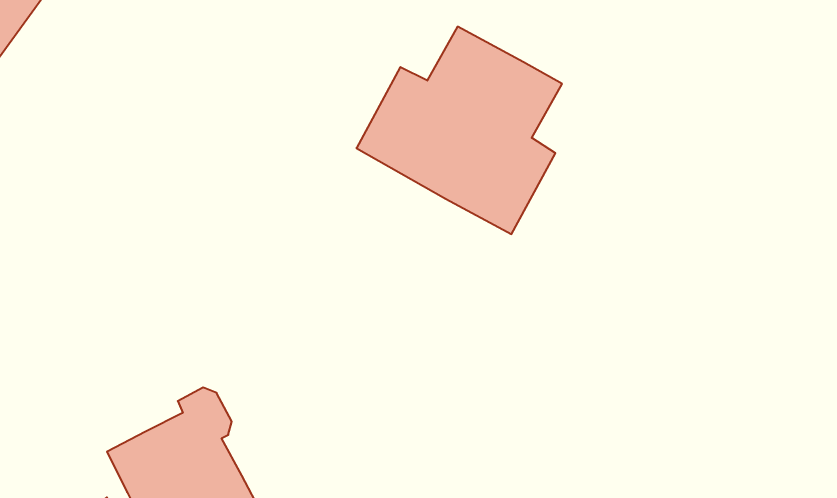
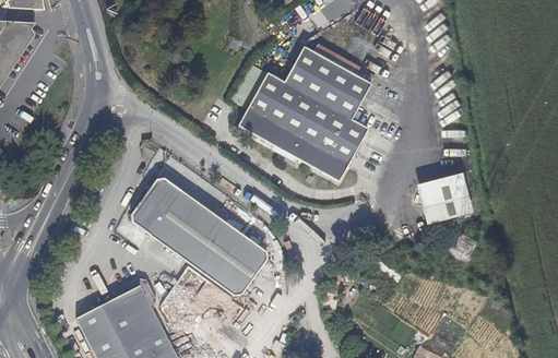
building: none -> [416,172,472,224]
building: none -> [131,178,268,296]

